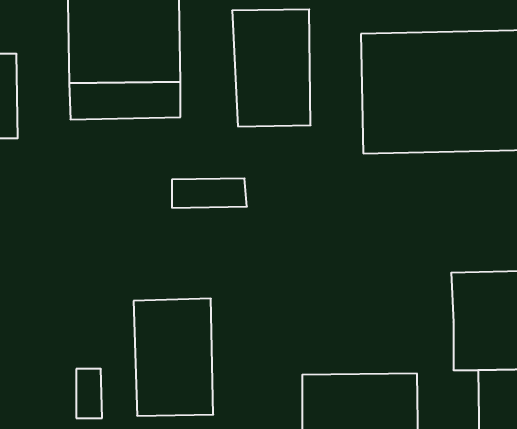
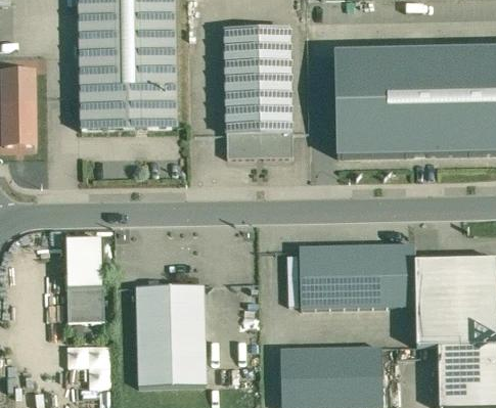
building: [172,178,247,208] -> [227,130,292,155]
building: none -> [298,241,415,306]
building: none -> [69,242,103,321]

